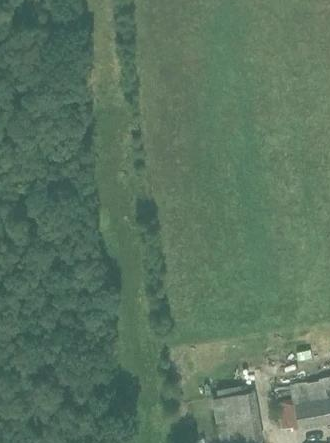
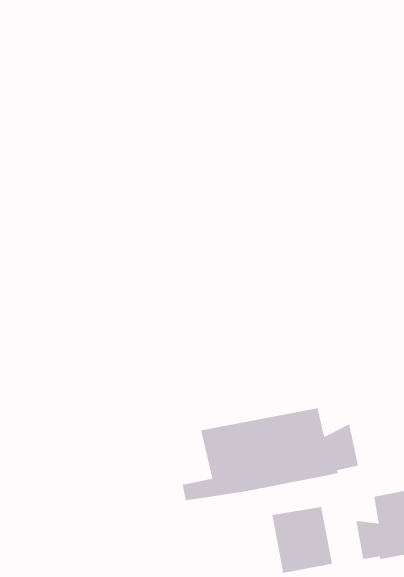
building: none -> [182,407,358,501]

